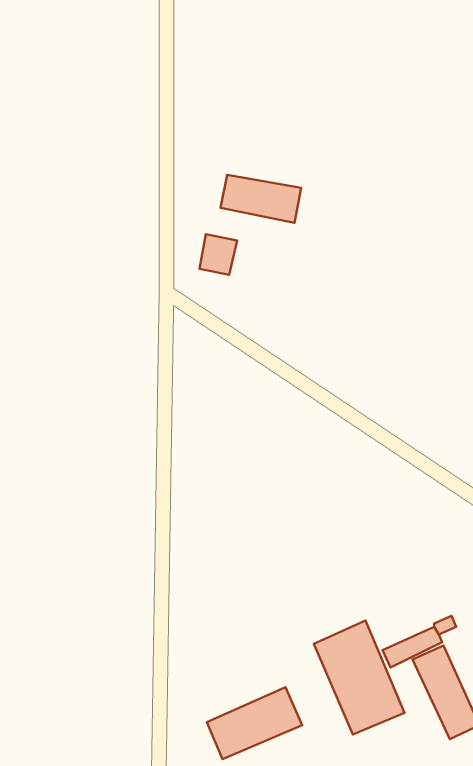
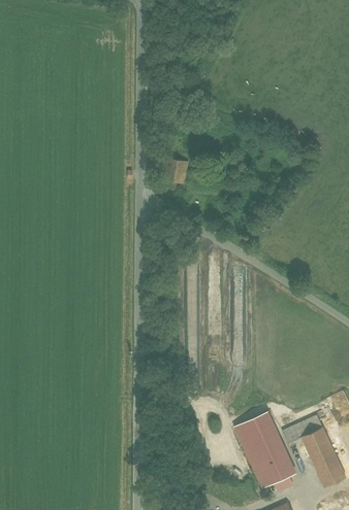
building: [221,175,301,223] -> none
building: [207,687,302,759] -> none

